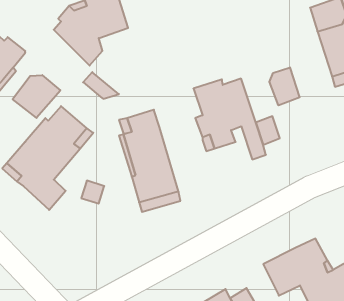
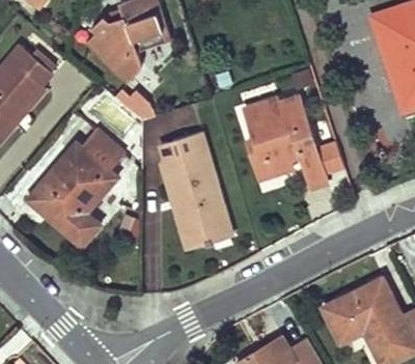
building: [269,67,300,105] -> none
building: [13,75,60,118] -> none

